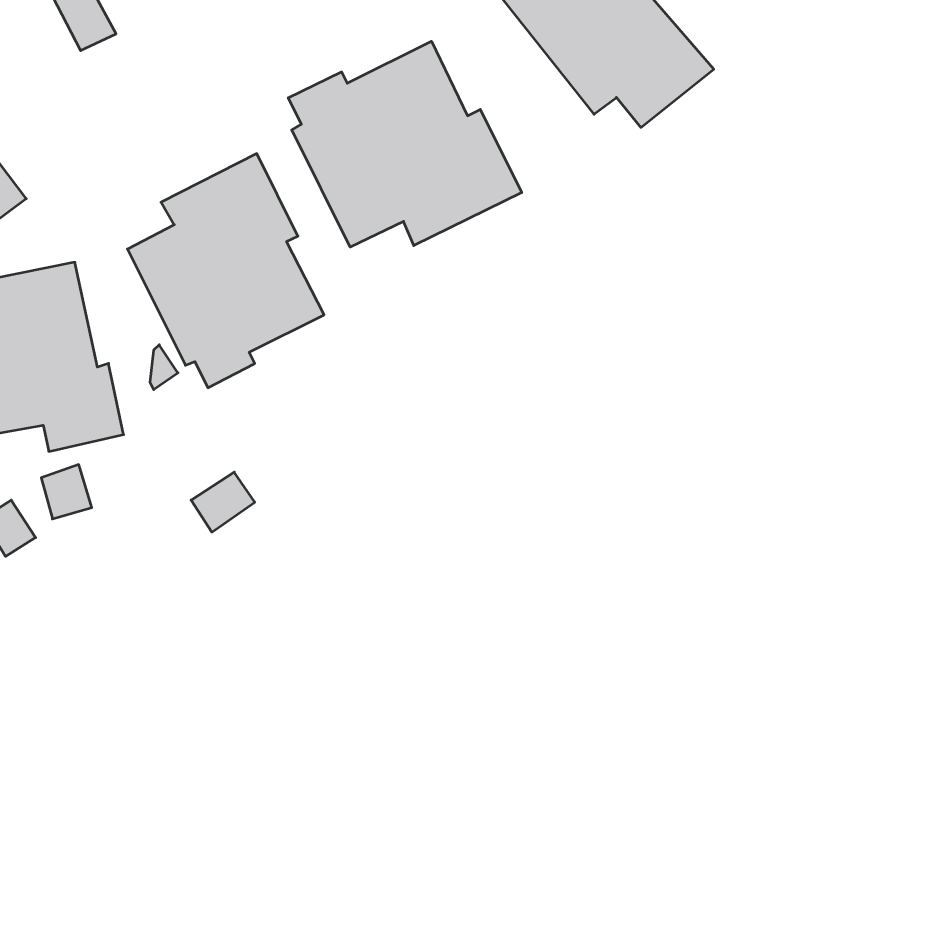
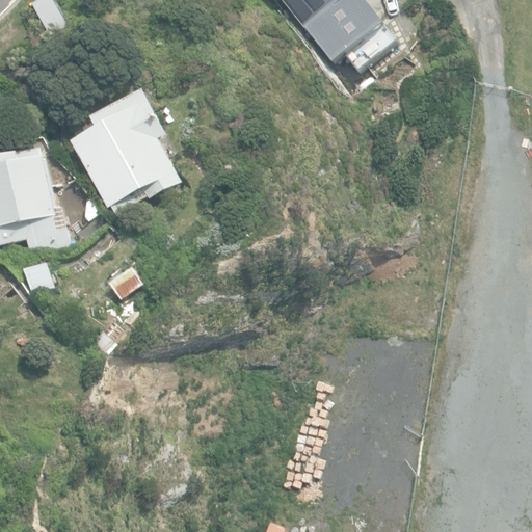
building: [288,41,522,247] -> none

